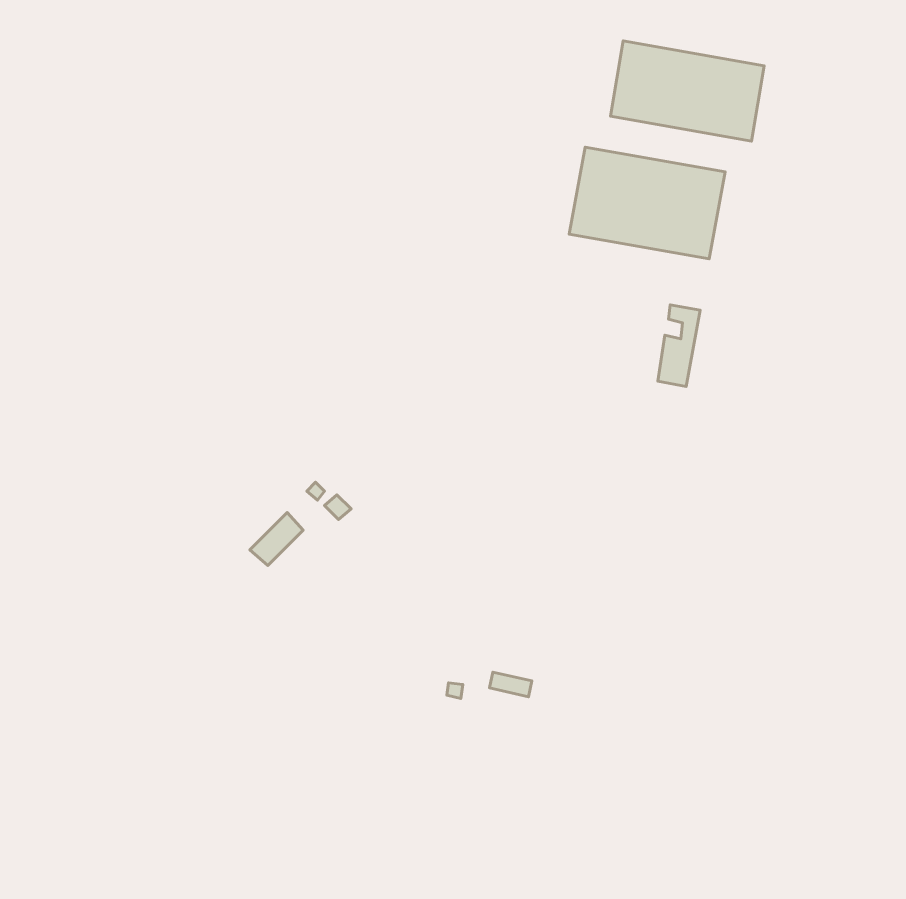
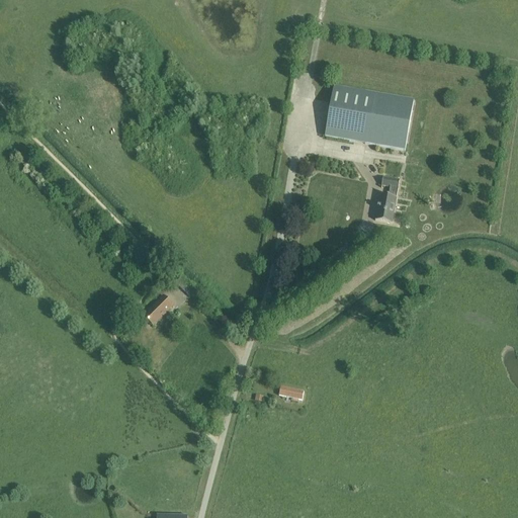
building: [610,41,764,141] -> none

